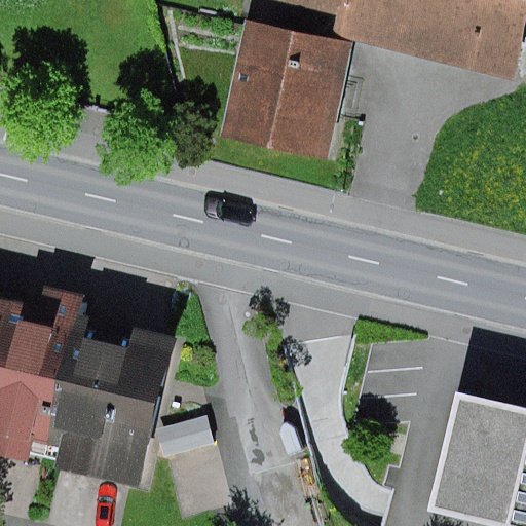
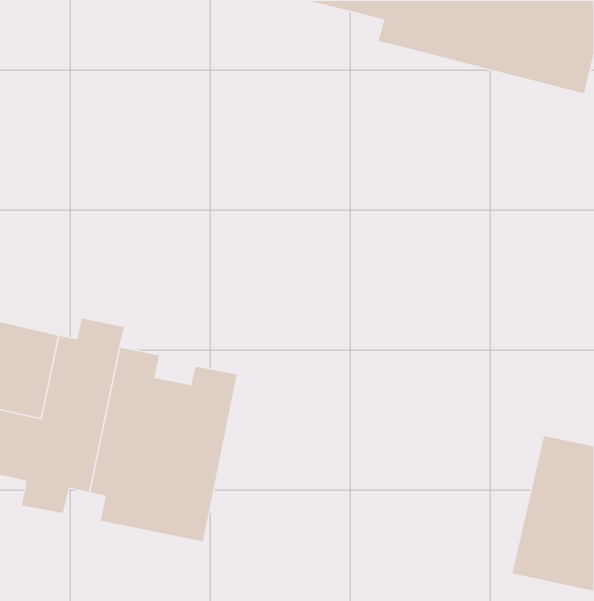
building: [217,22,349,162] -> none

